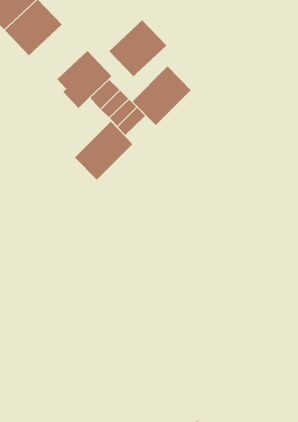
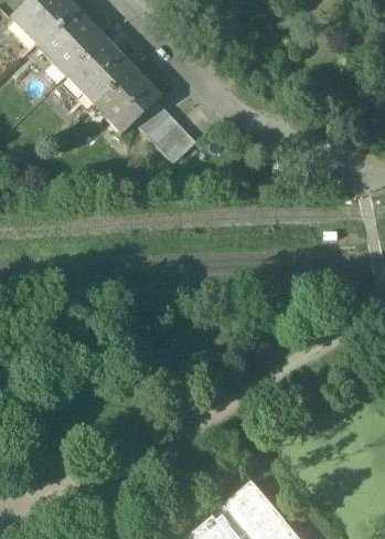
building: [109,19,167,77] -> [67,42,132,106]
building: [132,66,192,126] -> none
building: [74,121,133,181] -> none

